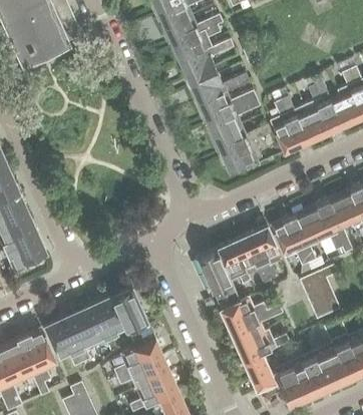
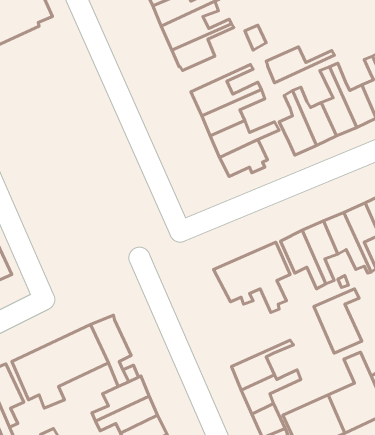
building: [191,71,248,101] -> [266,47,334,83]
building: [198,251,233,293] -> none
building: [221,295,281,332] -> none

